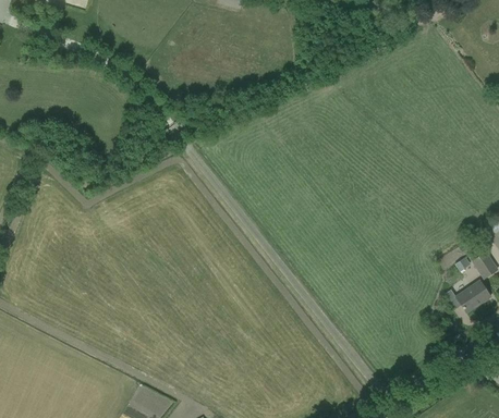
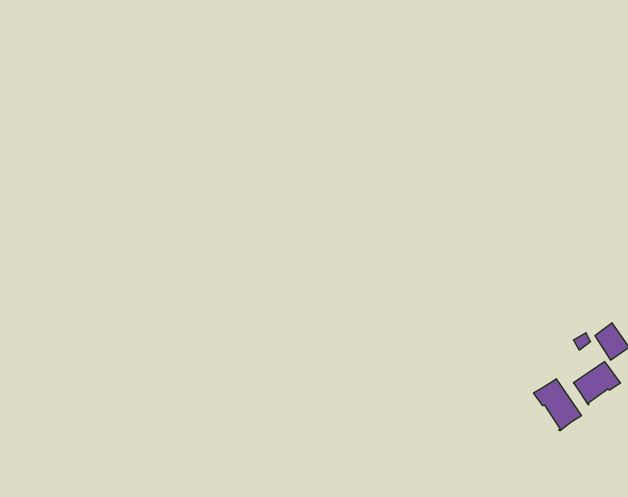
building: none -> [533,379,581,431]

